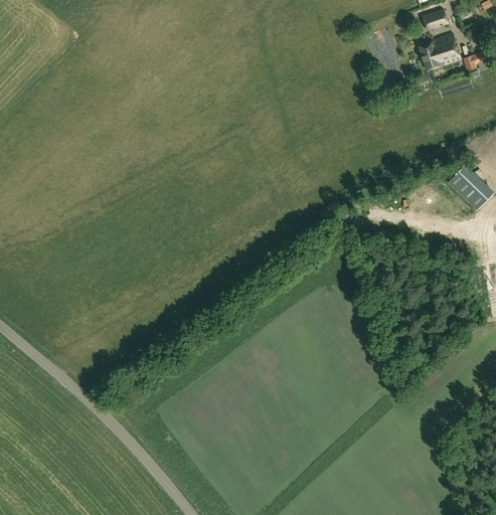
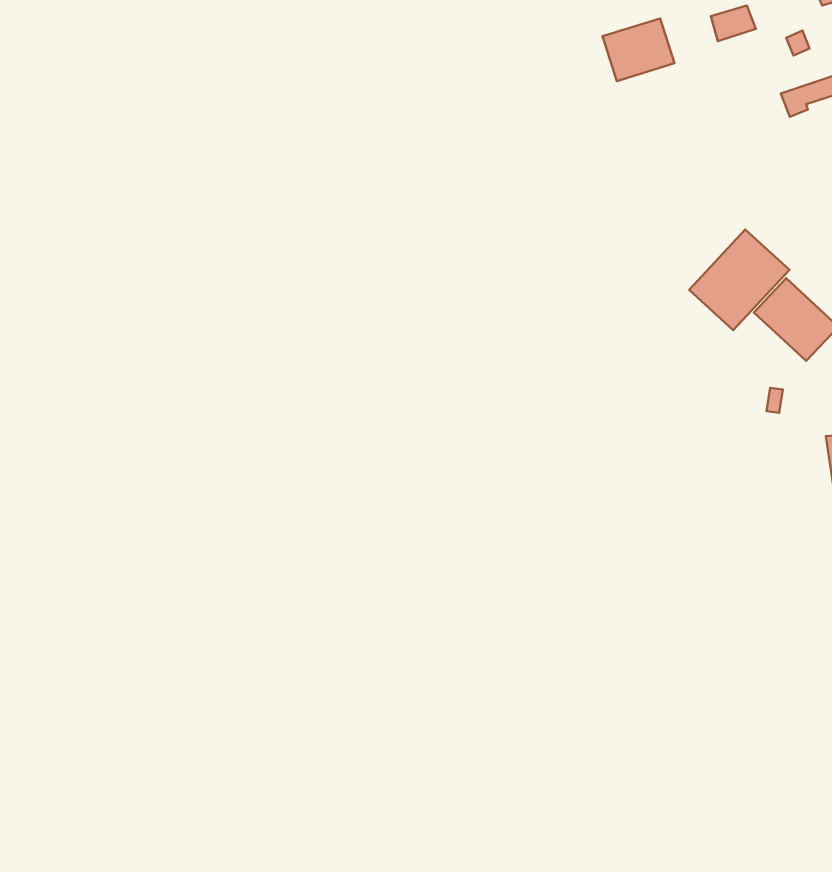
building: [420,34,460,69] -> [603,18,674,81]
building: none -> [689,230,789,330]

